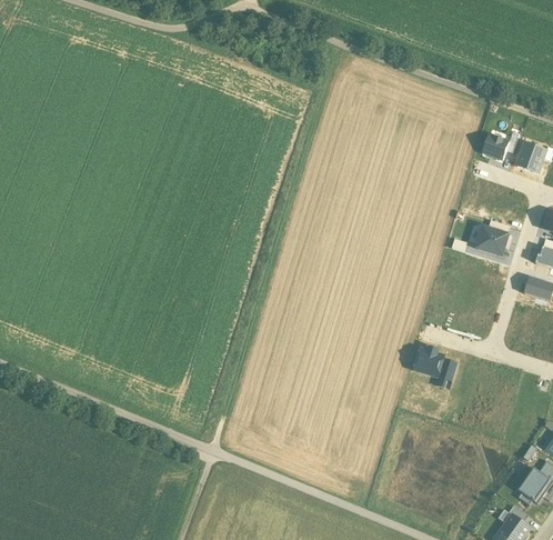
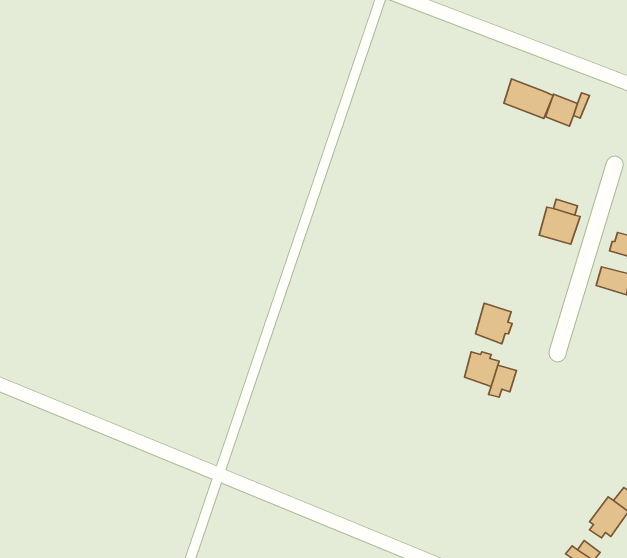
building: none -> [504,79,553,119]
building: [515,141,544,172] -> none
building: none -> [475,303,512,344]

